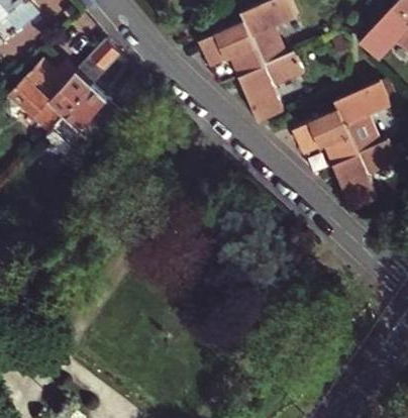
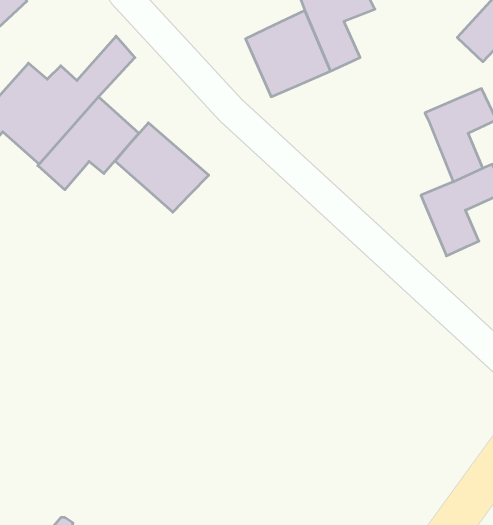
building: [240,51,304,120] -> none
building: [294,102,358,166] -> none
building: none -> [115,123,209,212]

